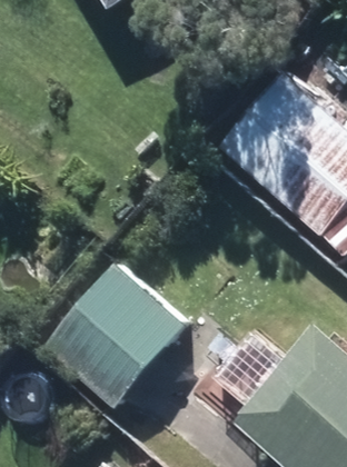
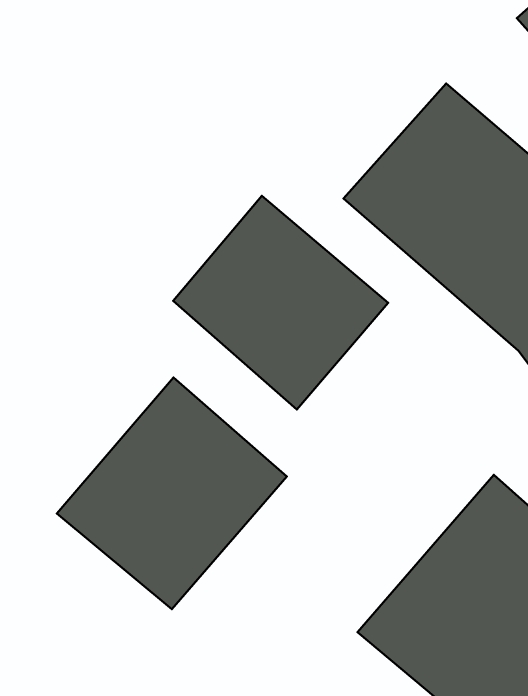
building: none -> [173,196,388,409]

